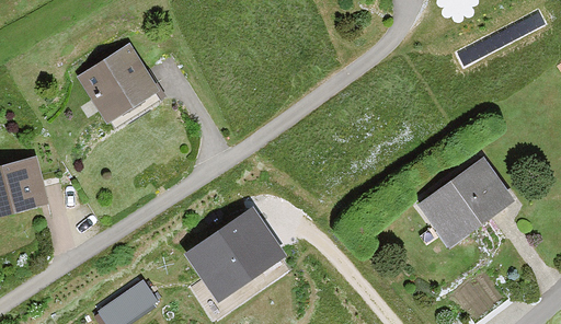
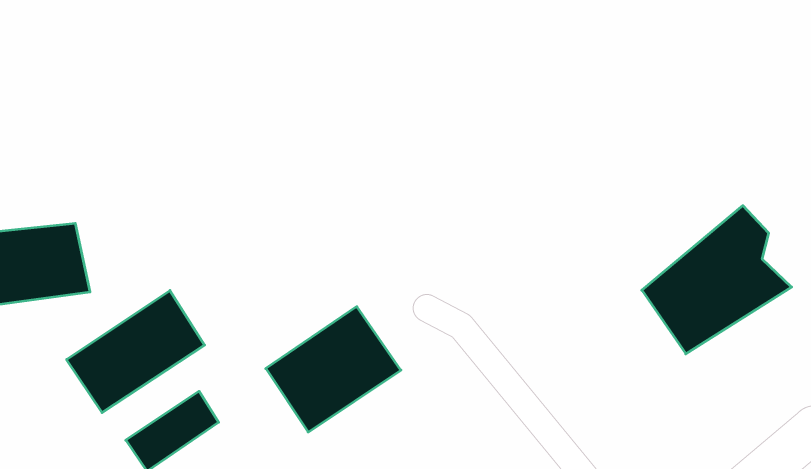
building: [83,44,173,132] -> none
building: none -> [67,290,205,413]

